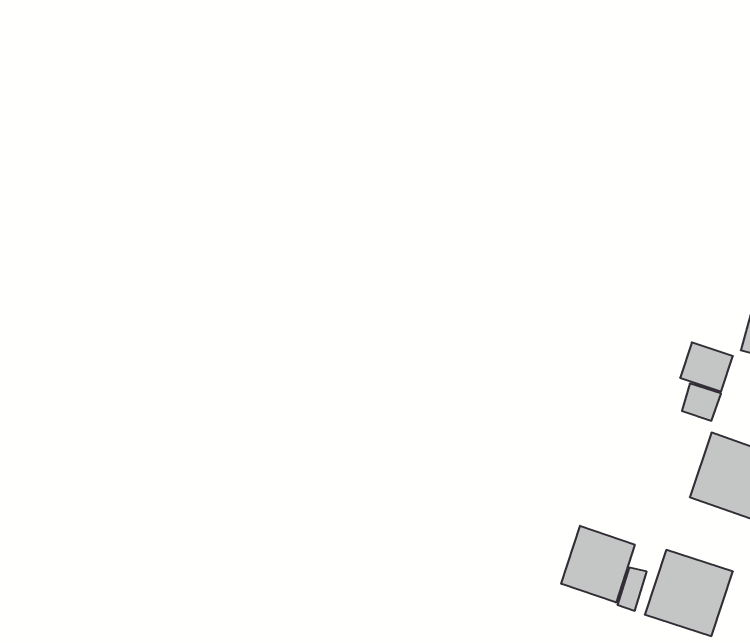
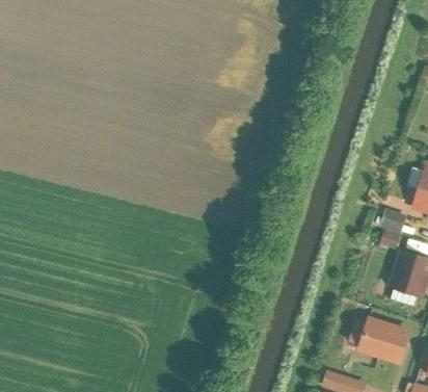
building: [561,526,635,603] -> none

